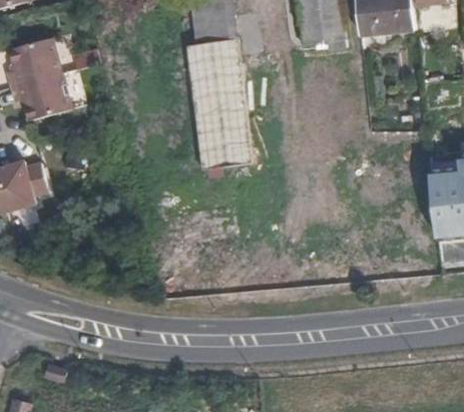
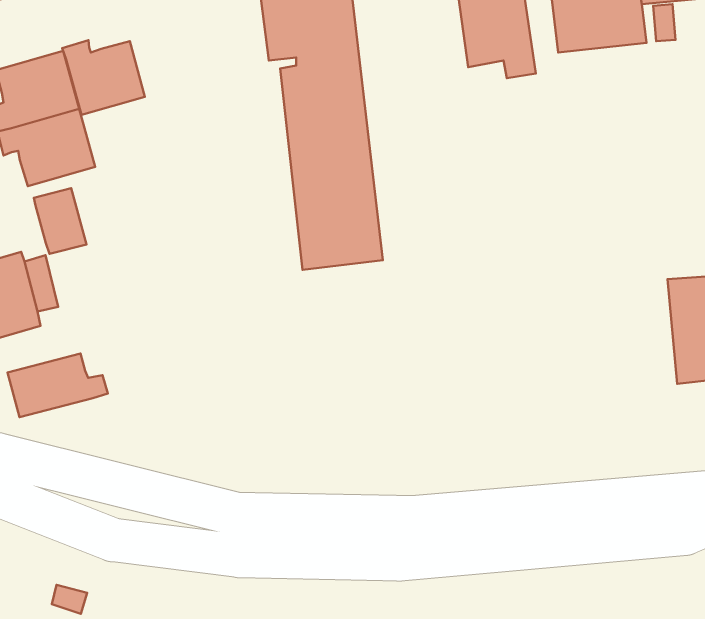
building: none -> [62,40,145,115]
building: none -> [34,188,87,254]
building: none -> [8,353,108,417]

